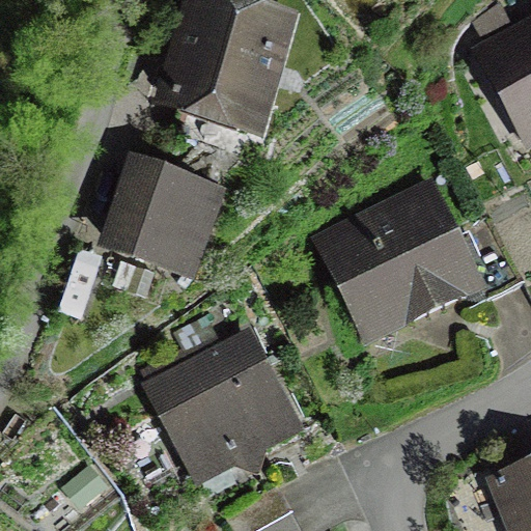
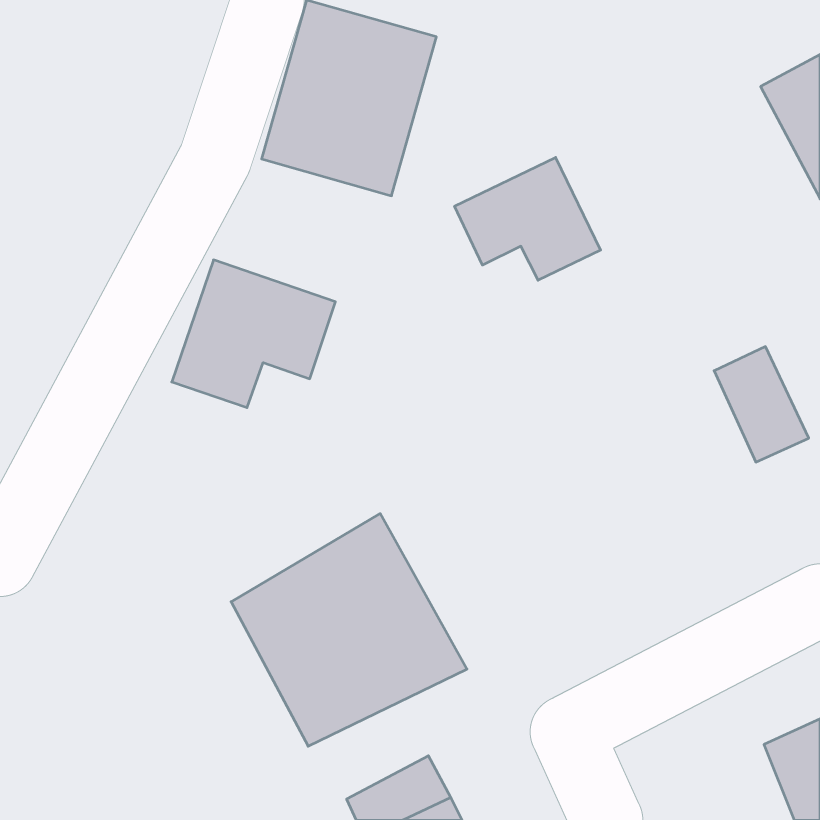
building: none -> [455,157,601,280]
building: [330,201,468,314] -> none

